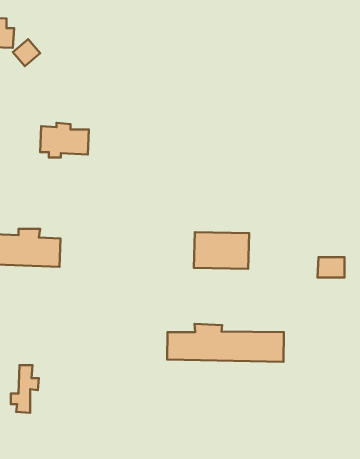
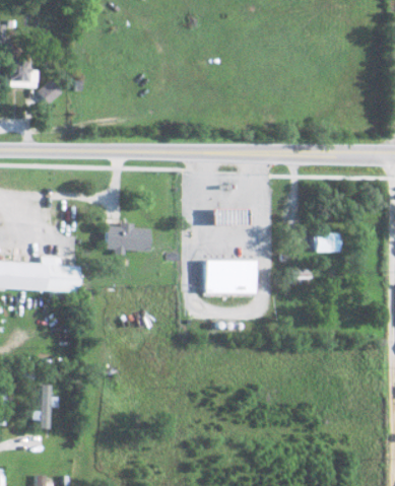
building: [40,123,89,158] -> [106,222,151,255]
building: [317,257,344,278] -> [316,233,341,253]
building: [167,324,284,362] -> none

